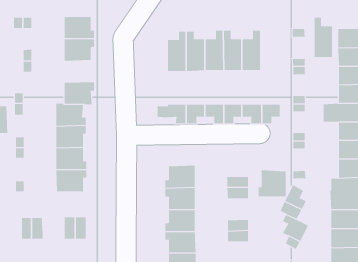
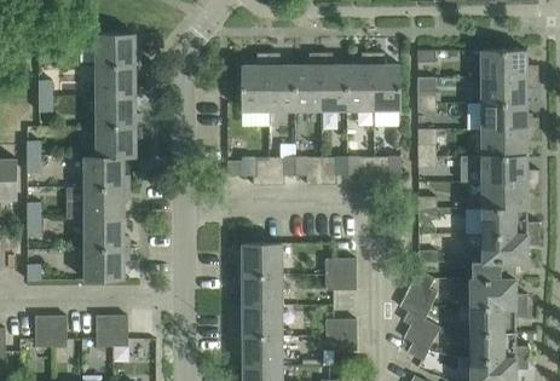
building: [314,17,333,58] -> [373,53,399,110]
building: none -> [96,96,139,127]
building: [258,170,286,197] -> none

